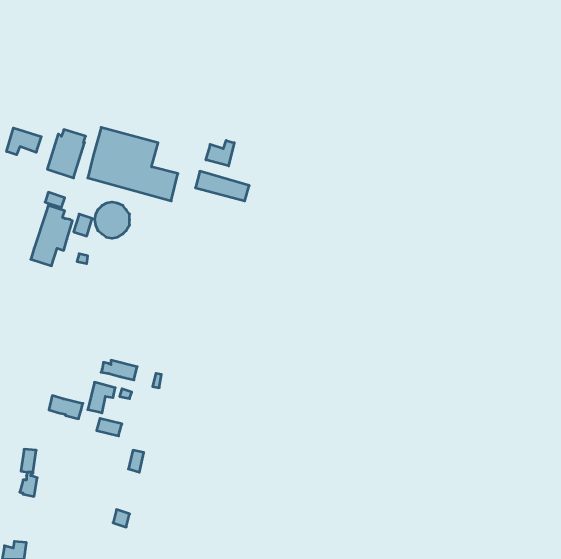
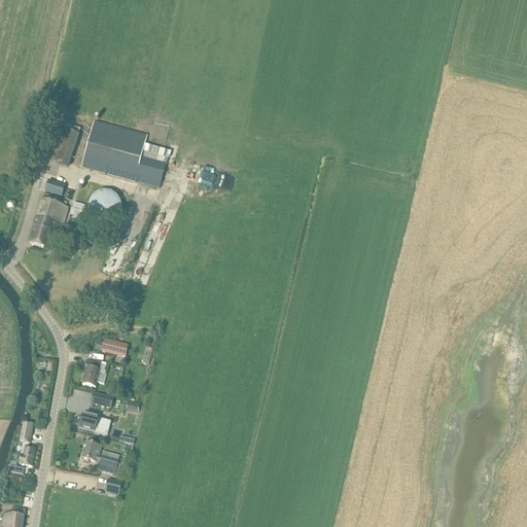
building: [7,128,41,155] -> none
building: [206,140,234,166] -> none
building: [49,396,83,419] -> [79,413,111,434]
building: none -> [82,442,120,467]

